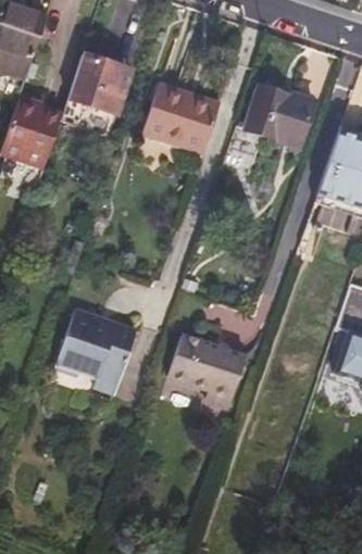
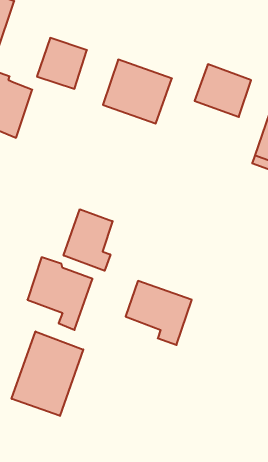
building: none -> [64,209,113,271]
building: none -> [12,331,83,416]

